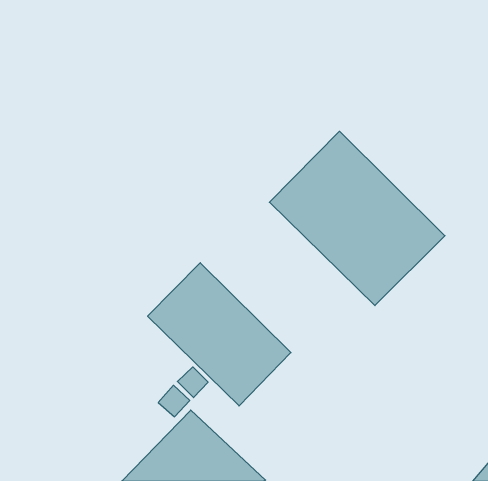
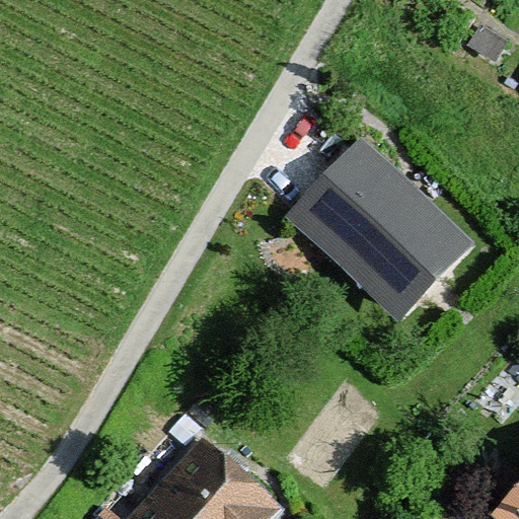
building: [148,263,291,406] -> none

